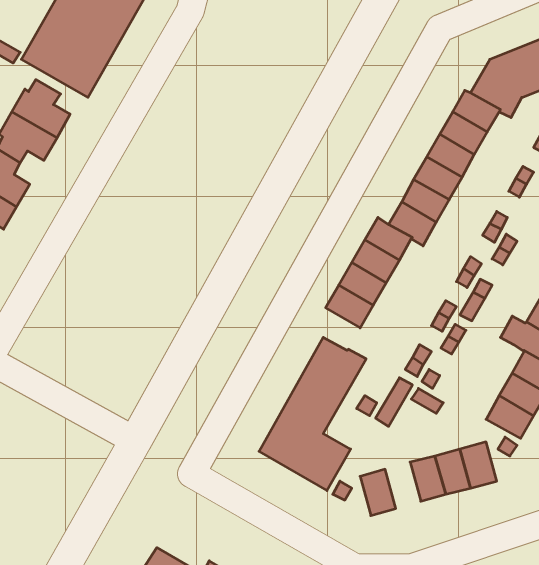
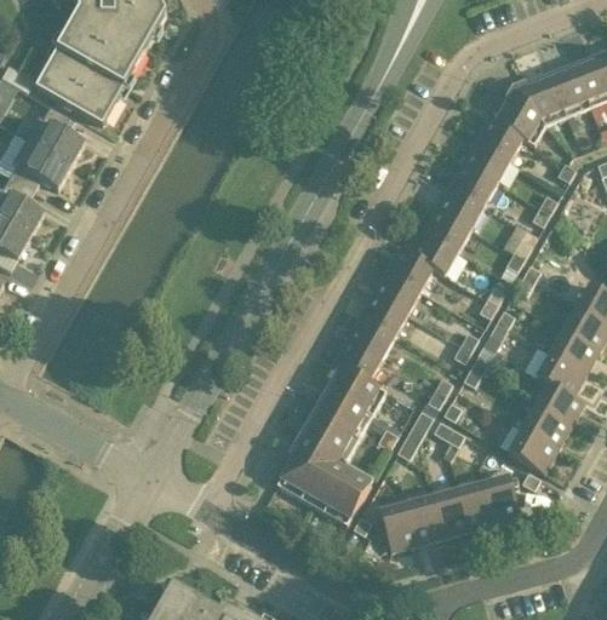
building: none -> [332,339,380,383]
building: none -> [406,496,442,544]

